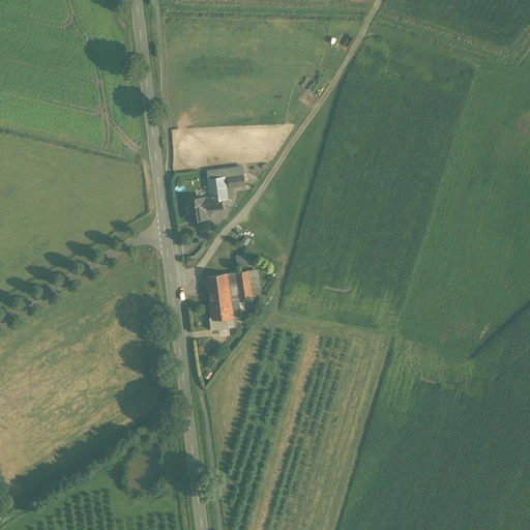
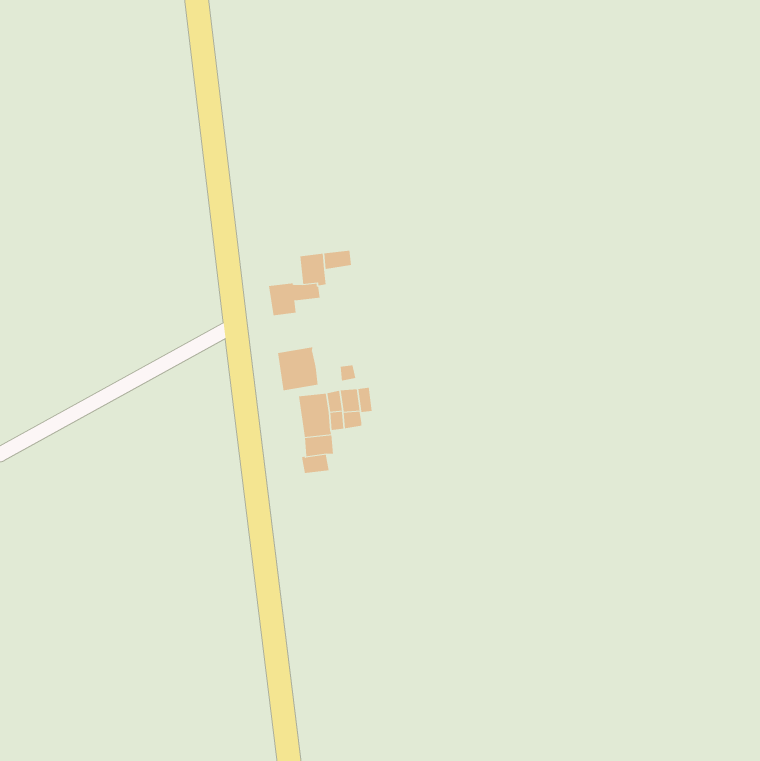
building: none -> [278,346,318,391]

